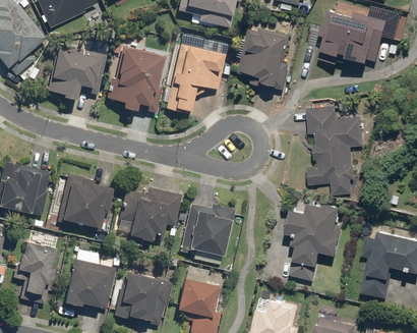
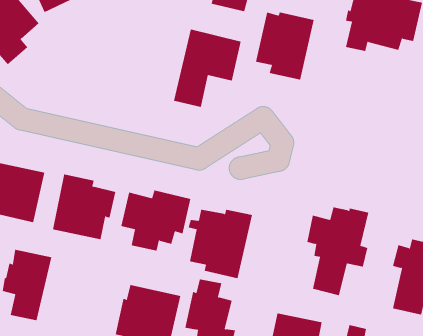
building: [106,46,169,113] -> none
building: [47,48,108,100] -> none
building: [306,105,365,196] -> none
building: [62,251,116,309] -> none

